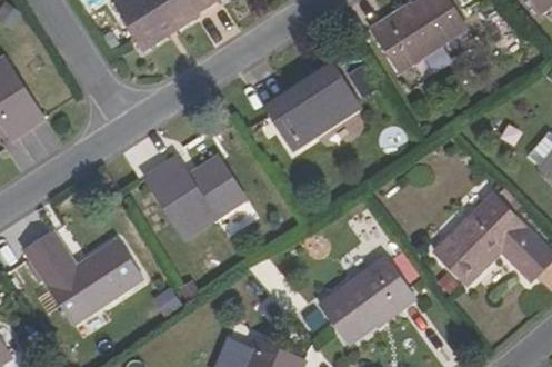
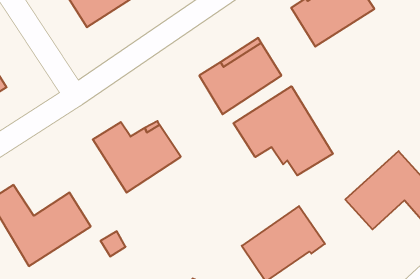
building: none -> [233,86,333,175]

